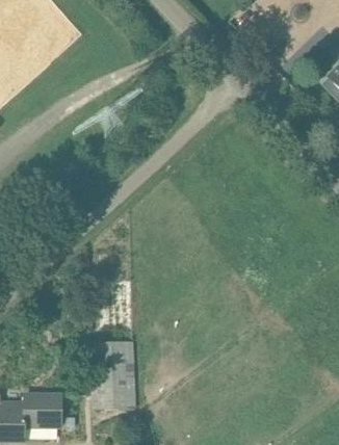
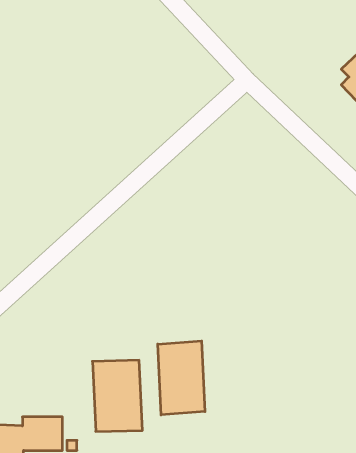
building: none -> [158,341,205,415]

